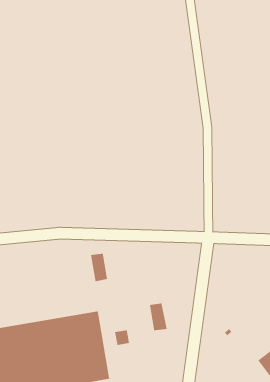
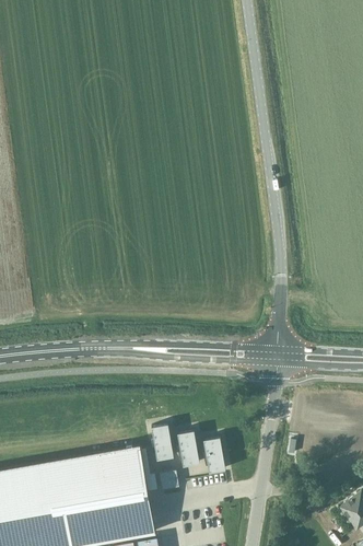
building: [90,253,108,282] -> [152,423,174,460]
building: none -> [177,430,200,466]

